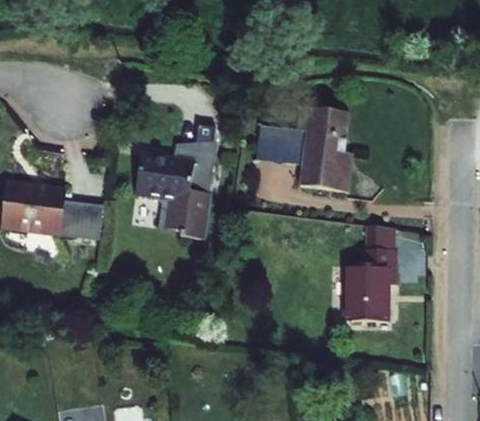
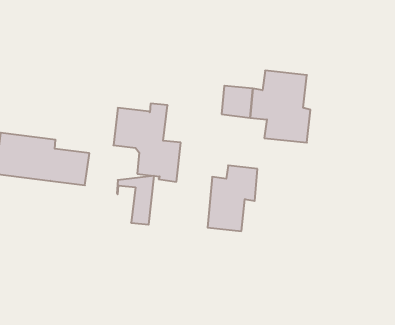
building: [172,137,214,192] -> [117,176,154,225]
building: [343,244,399,319] -> [208,165,257,231]

